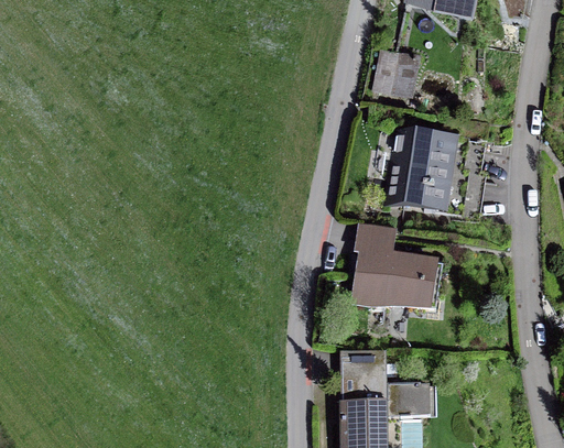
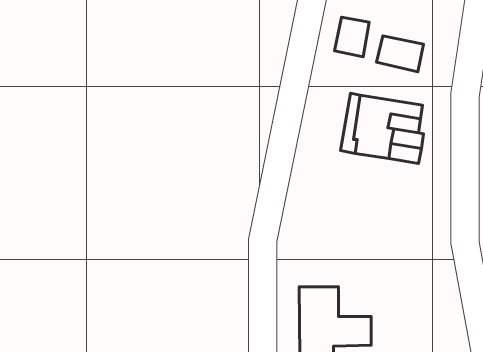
building: none -> [376,36,423,72]
building: [354,226,442,309] -> none

